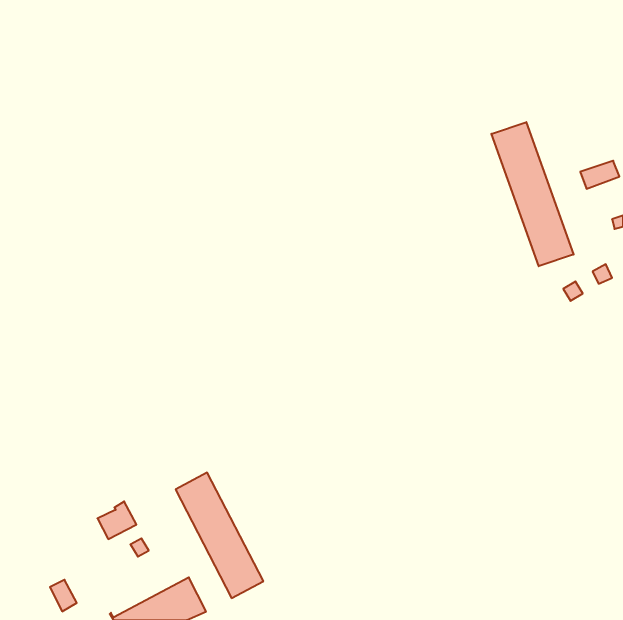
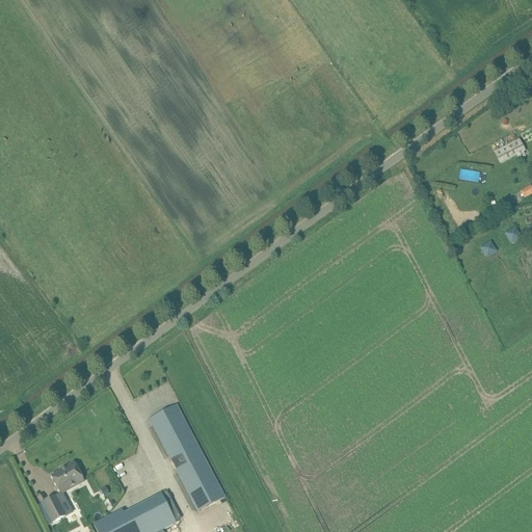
building: [491,122,574,266] -> none
building: [97,501,136,539] -> [51,460,84,493]

